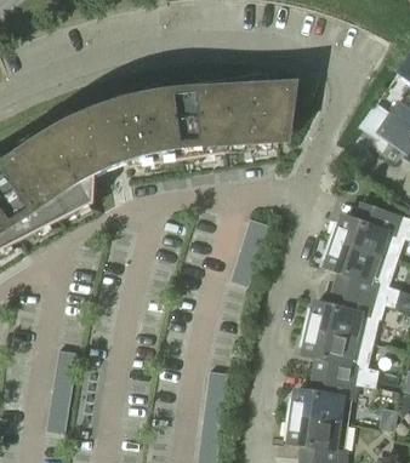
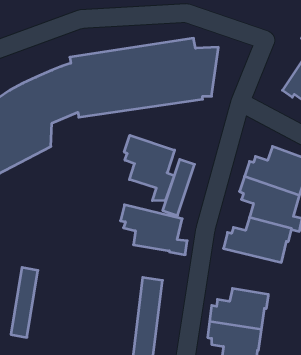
building: none -> [124,135,175,201]
building: [298,325,380,385] -> [120,205,187,255]

